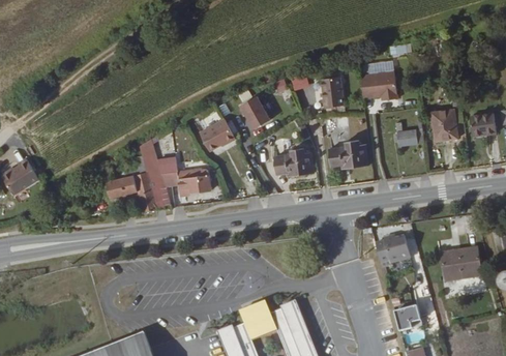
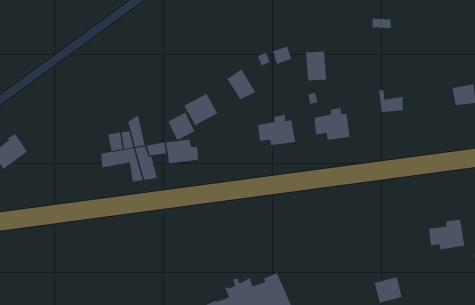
building: [359,71,395,102] -> none
building: [429,103,460,135] -> none
building: none -> [167,112,195,141]
building: [383,230,410,258] -> none

